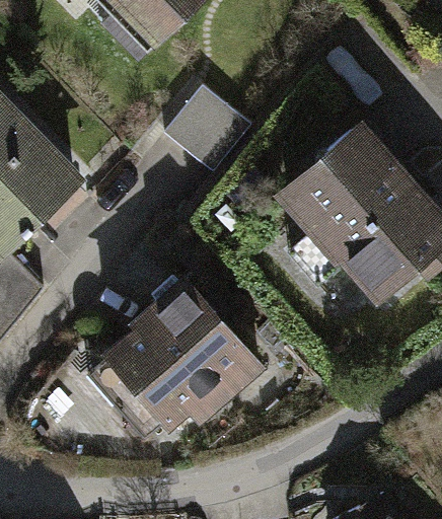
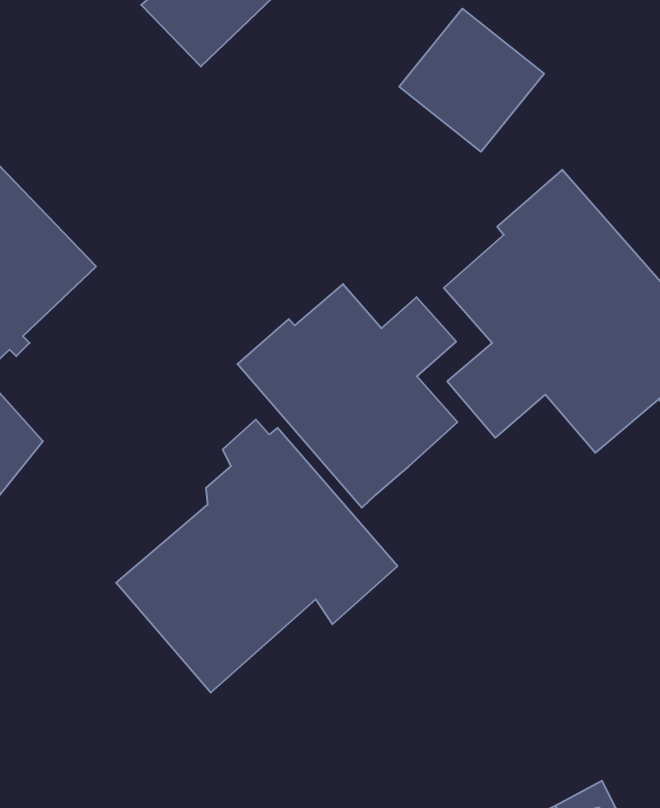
building: [164,85,252,172] -> [399,9,544,152]
building: none -> [237,284,457,508]

